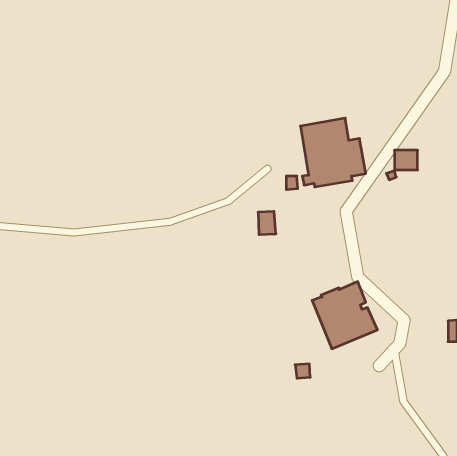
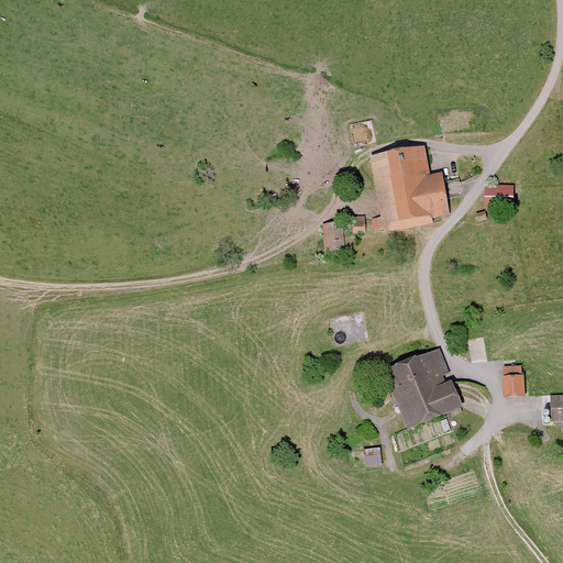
building: [258,211,276,235] -> [323,223,345,252]
building: none -> [501,365,525,396]

